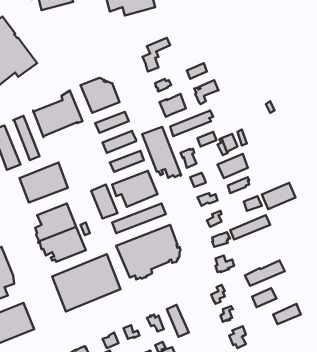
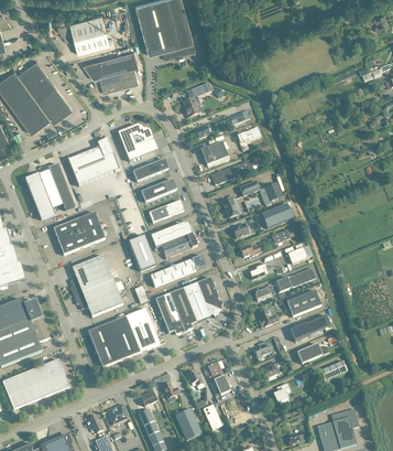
building: none -> [81,50,138,92]
building: [142,127,181,178] -> none
building: [262,183,295,209] -> [285,289,320,316]

